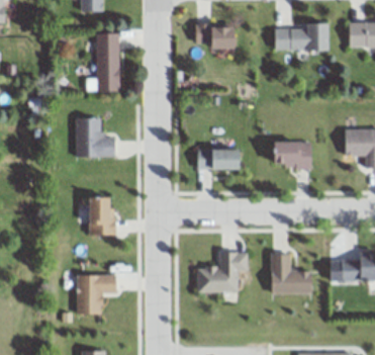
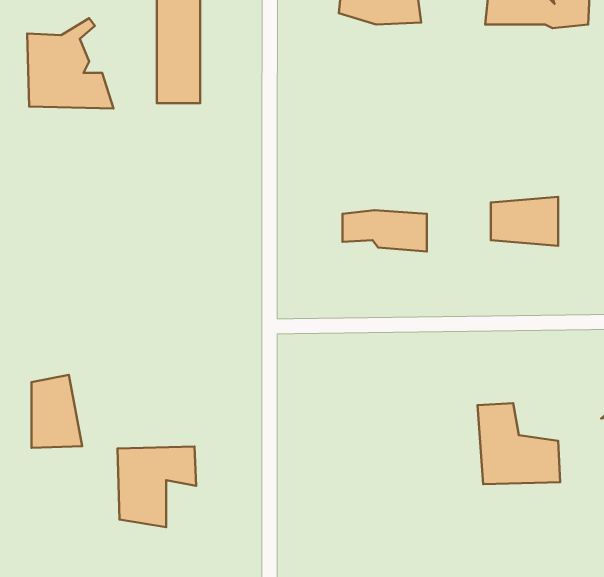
building: [72,109,118,158] -> [27,18,114,108]
building: [87,195,114,235] -> [31,375,82,448]
building: [199,253,247,293] -> none

